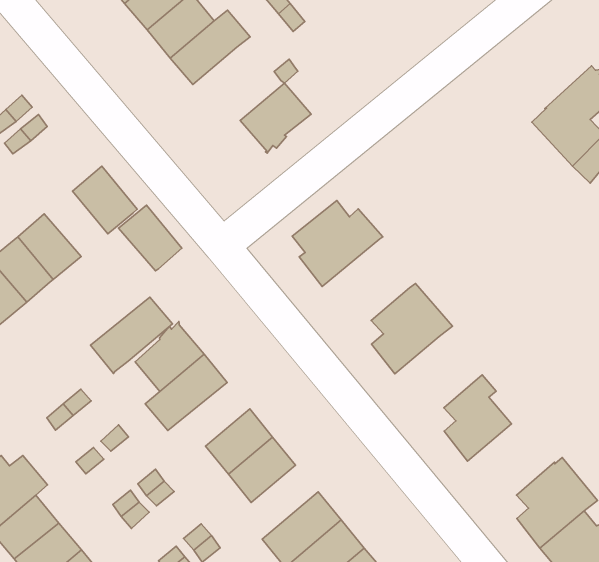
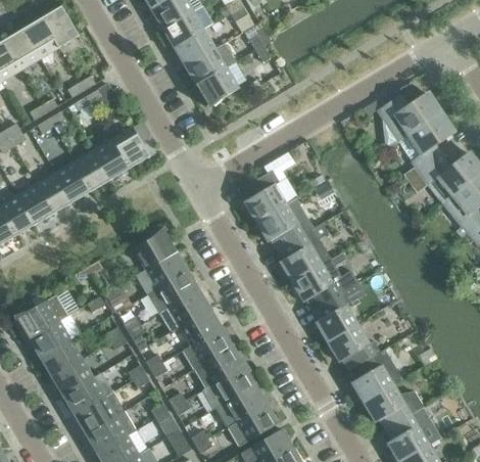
building: none -> [378,93,441,148]
building: [240,83,311,153] -> [196,67,240,108]
building: [118,205,182,271] -> [93,139,130,180]
building: none -> [255,198,308,247]
building: [91,297,172,373] -> [147,271,199,314]
building: none -> [291,259,344,308]
building: none -> [327,324,380,368]
building: none -> [184,328,233,370]

